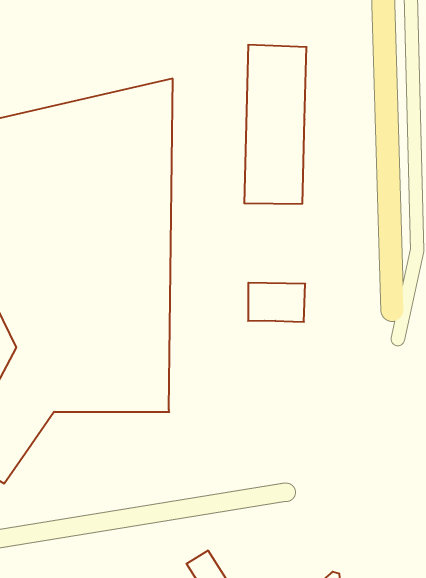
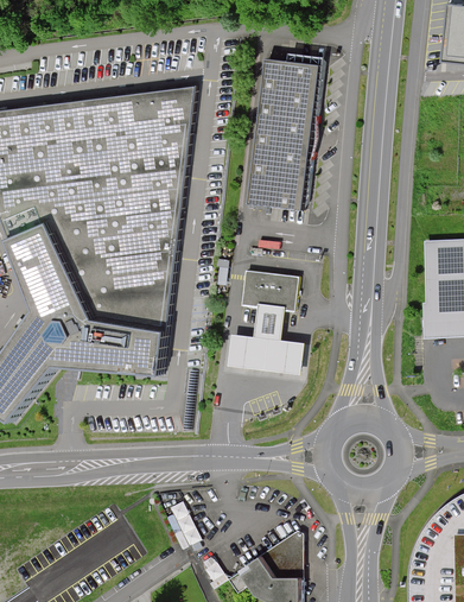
building: none -> [228,305,300,374]

